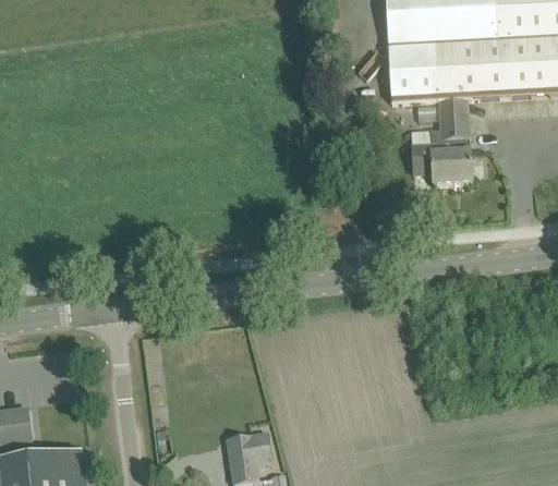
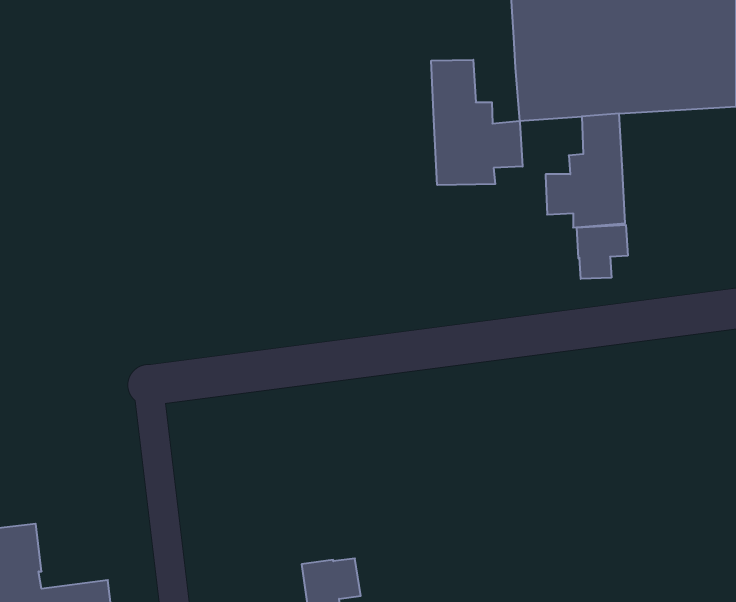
building: none -> [431,60,523,185]
building: none -> [577,225,628,279]

